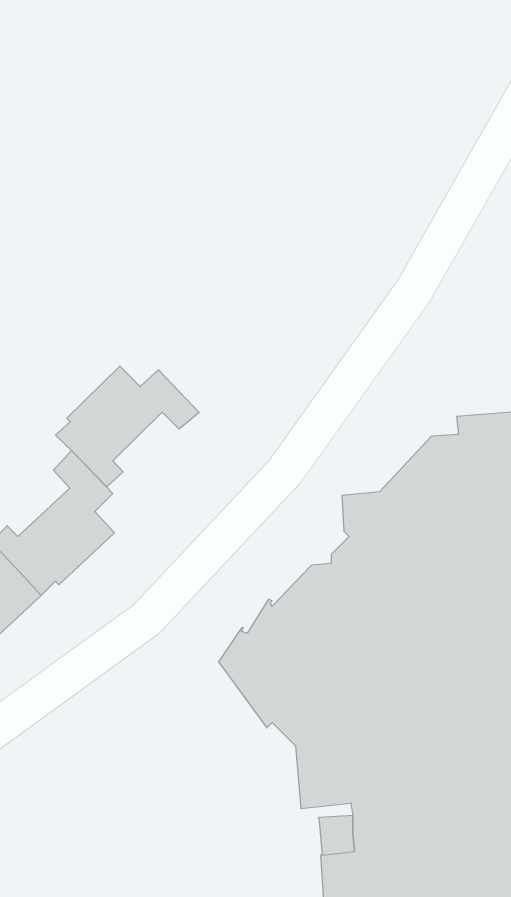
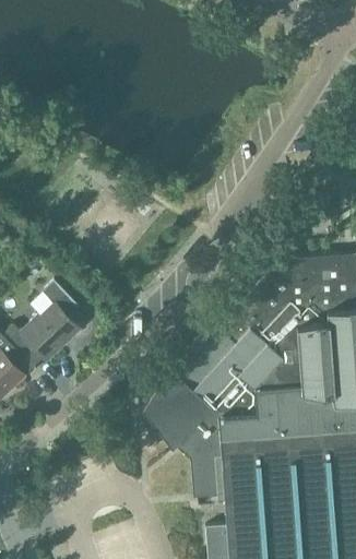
building: [56,366,199,487] -> none

